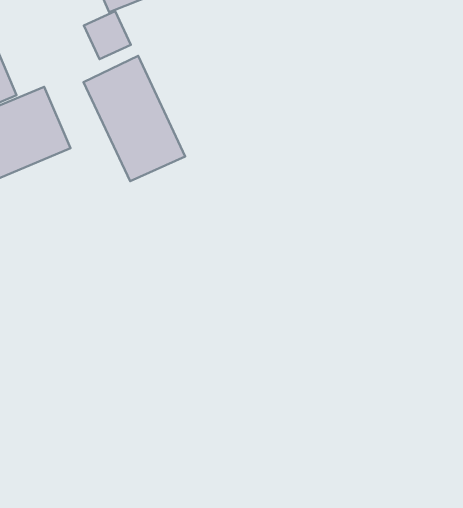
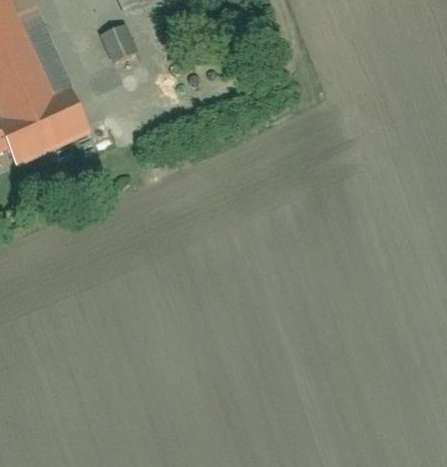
building: [84,56,185,181] -> none

